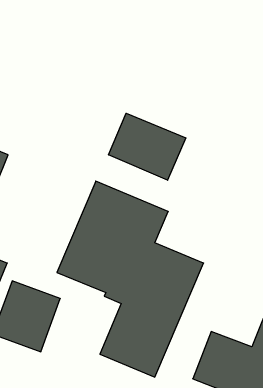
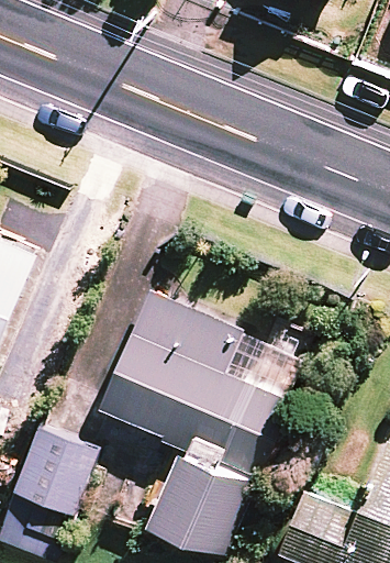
building: [109,113,186,180] -> none

